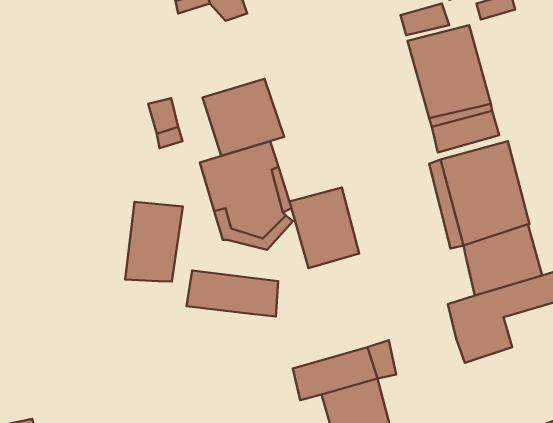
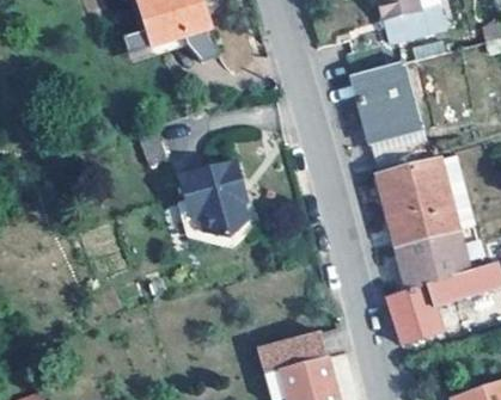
building: [202,79,284,156] -> none
building: [290,188,359,268] -> none
building: [125,202,183,281] -> none
building: [187,270,278,316] -> none

